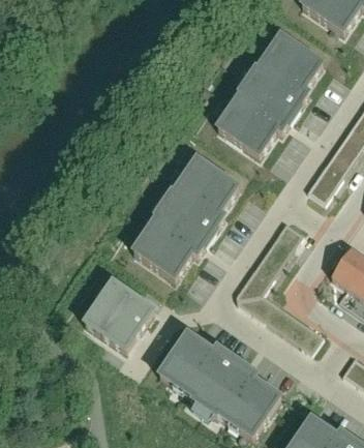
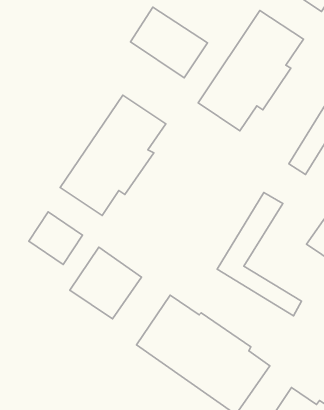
building: none -> [131,7,207,78]
building: [132,156,242,281] -> [60,95,166,215]
building: none -> [29,212,82,264]

